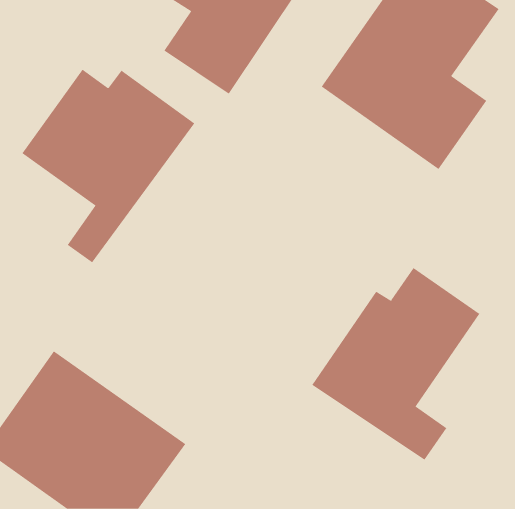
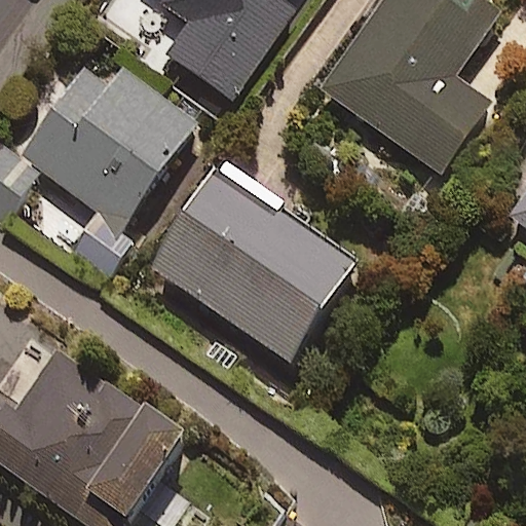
building: none -> [155,165,356,364]
building: [311,267,480,461] -> none

